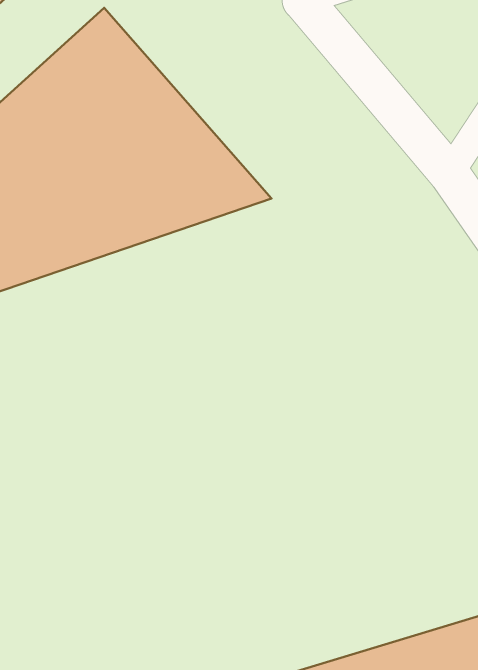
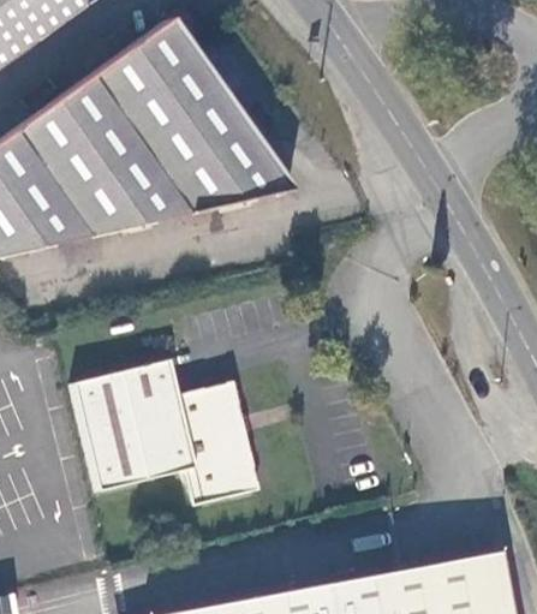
building: none -> [77,363,259,506]

